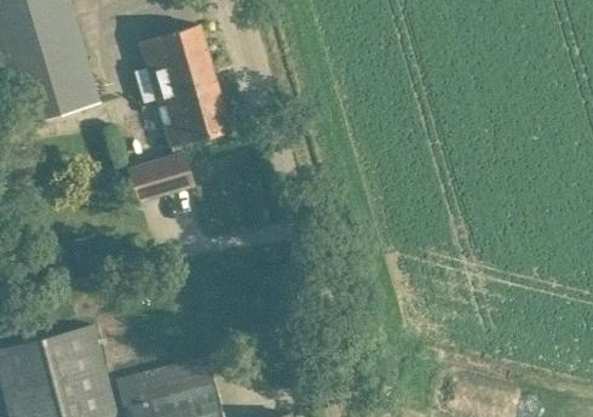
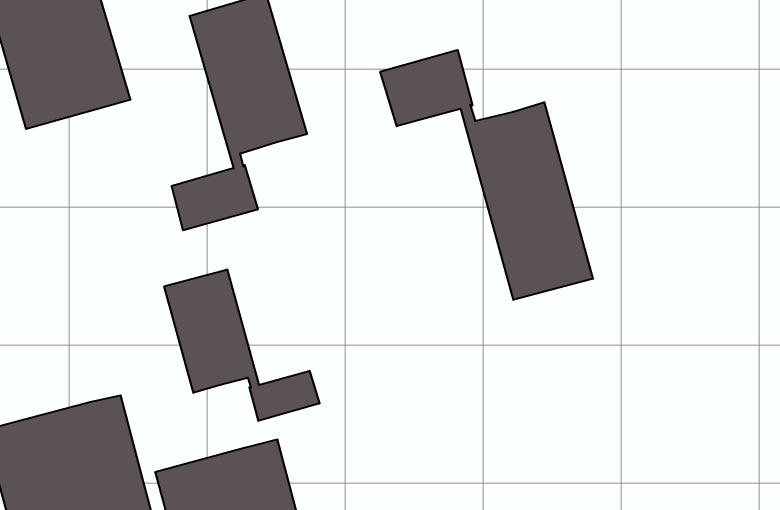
building: none -> [380,50,593,300]
building: none -> [164,269,320,421]

